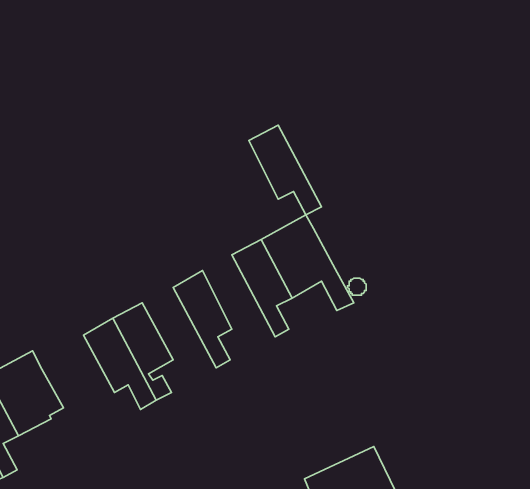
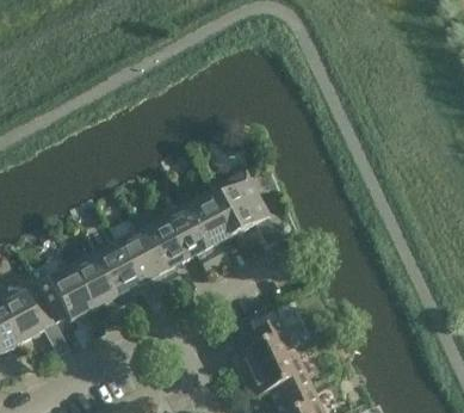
building: [249,125,321,215] -> [165,203,221,272]
building: none -> [118,228,175,296]
building: none -> [41,265,97,321]
building: none -> [237,318,297,376]

